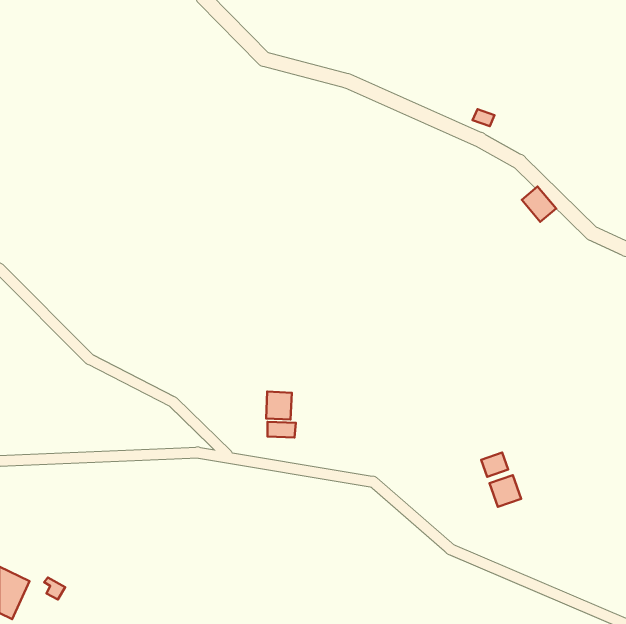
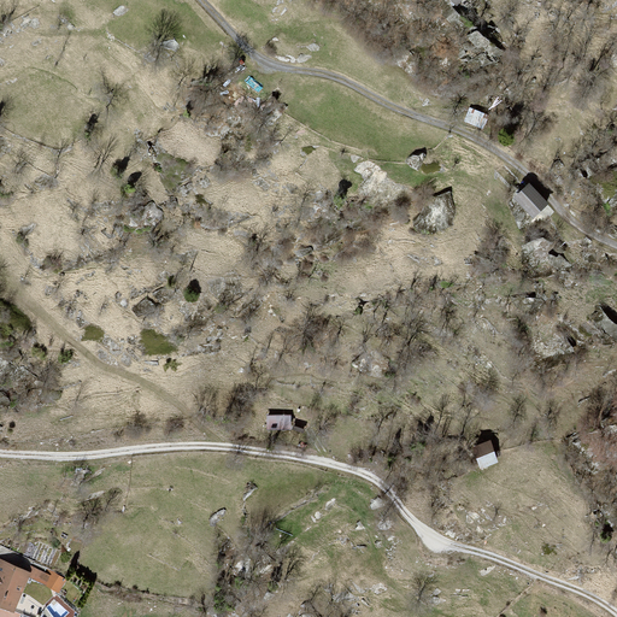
building: [266,392,292,419] -> none
building: [489,475,521,507] -> none

